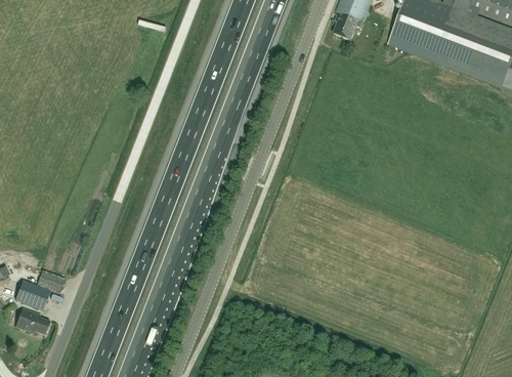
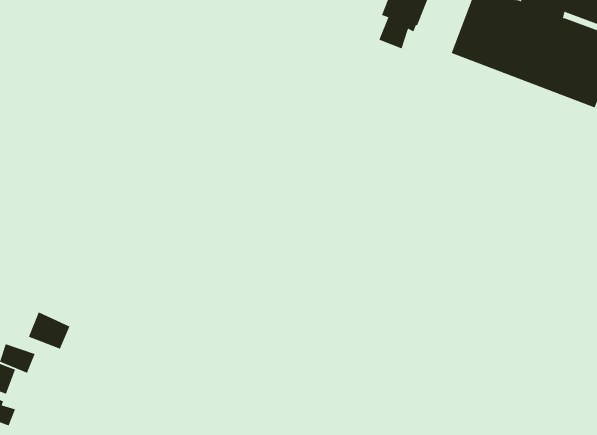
building: none -> [28,311,70,349]

